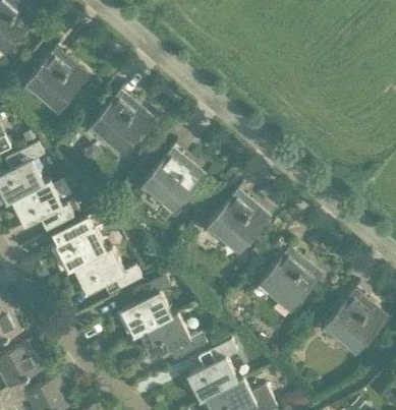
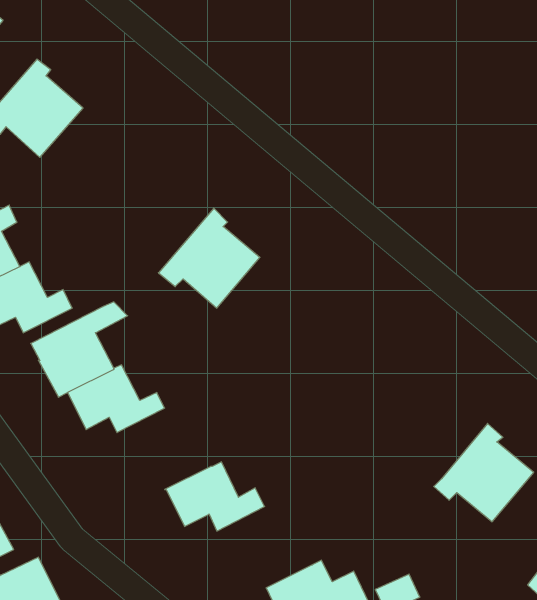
building: [87,90,152,154] -> none
building: [203,188,269,253] -> none
building: [254,238,321,311] -> none
building: [124,276,172,335] -> none
building: [191,342,239,400] -> none

